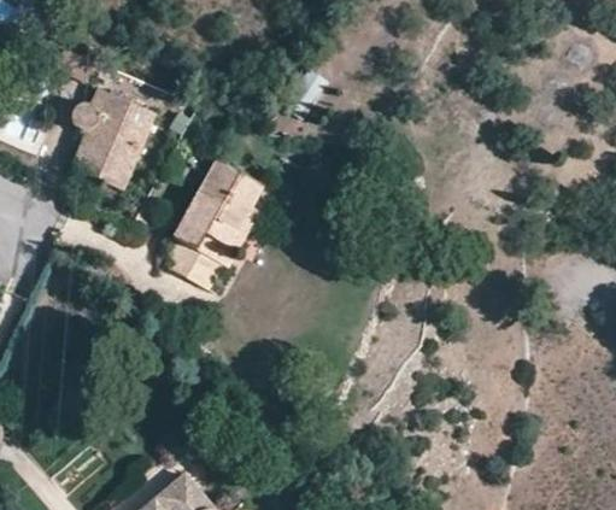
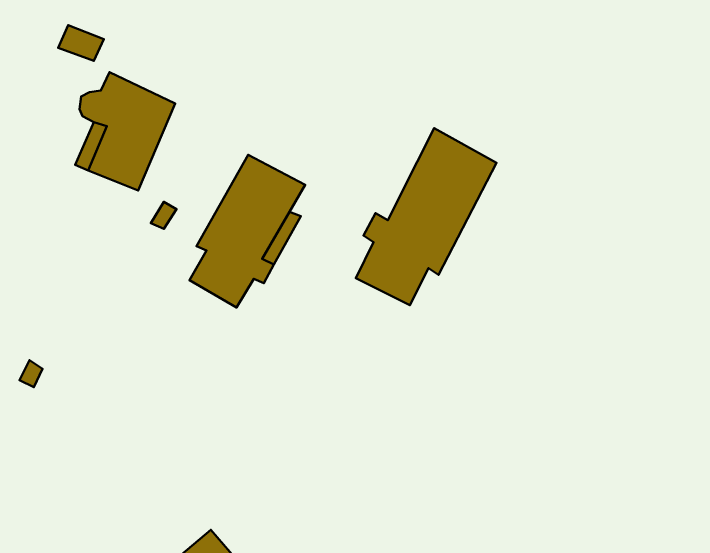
building: none -> [356,128,496,305]

